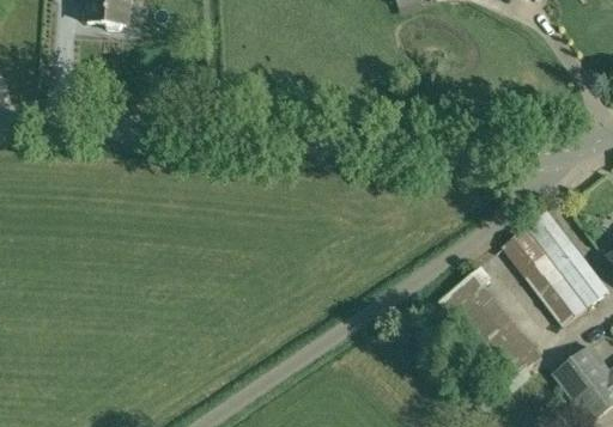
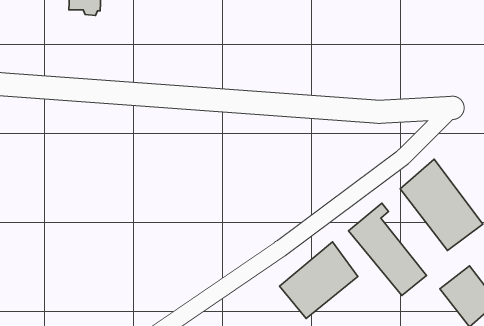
building: none -> [279,242,358,318]

